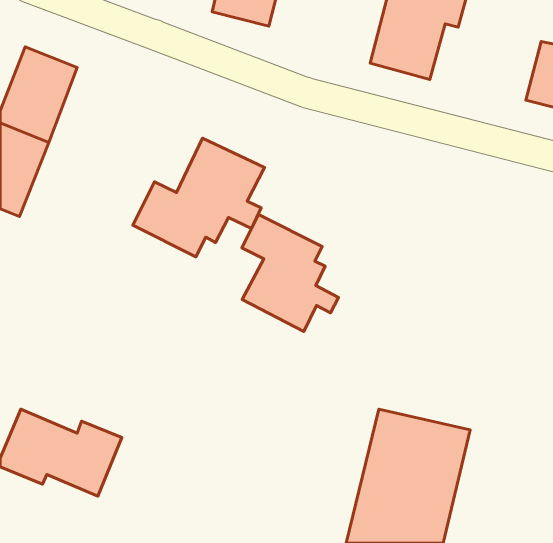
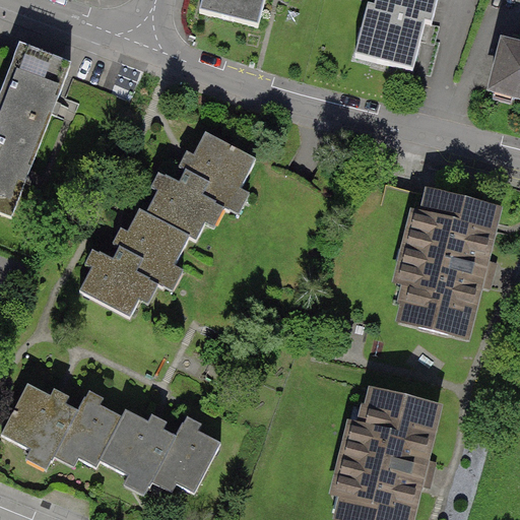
building: none -> [396,187,505,342]
building: [242,214,339,332] -> none
building: none -> [72,210,186,317]
building: none -> [94,408,216,493]

